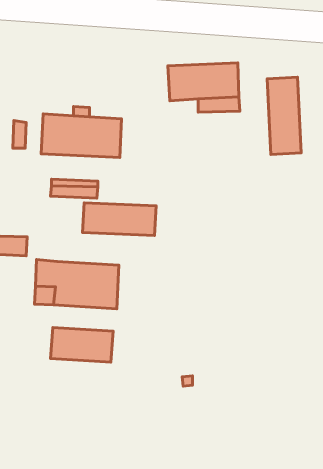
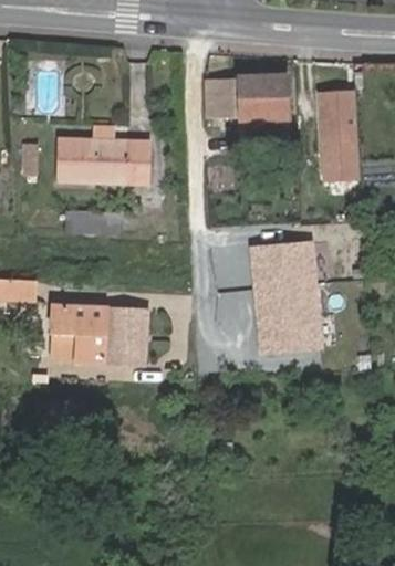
building: [83,203,156,236] -> none
building: none -> [247,240,321,355]
building: [51,328,113,362] -> none

